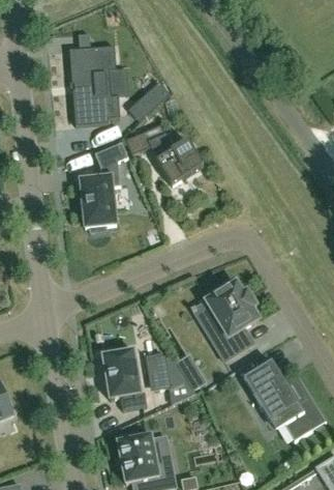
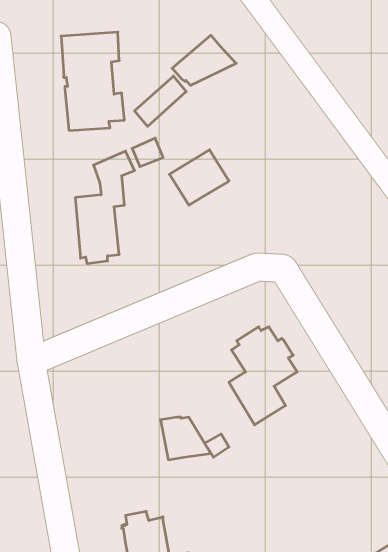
building: none -> [172,35,236,85]
building: [102,347,147,410] -> none
building: [243,362,323,440] -> none

